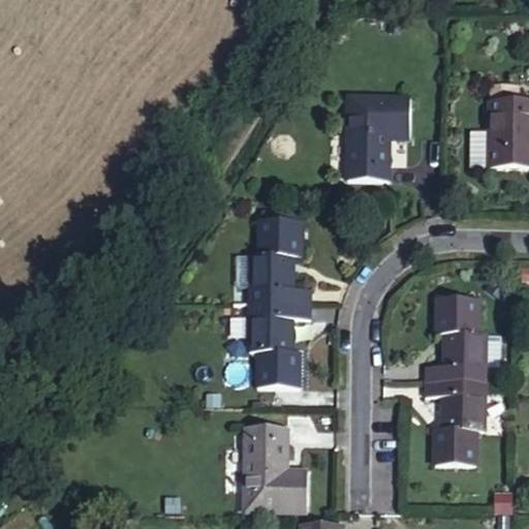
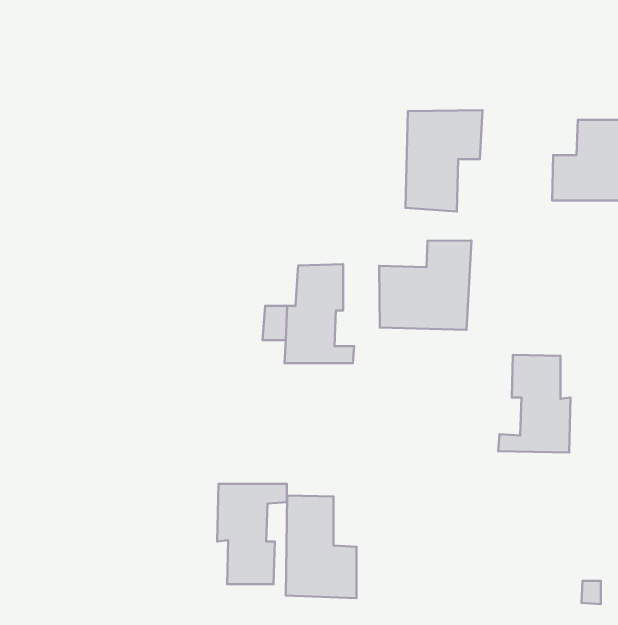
building: none -> [379,241,472,330]
building: [245,307,304,392] -> [217,484,287,584]
building: [426,381,487,463] -> none

